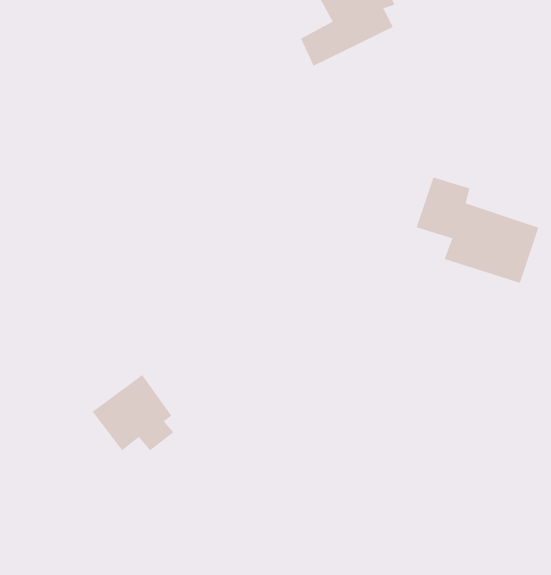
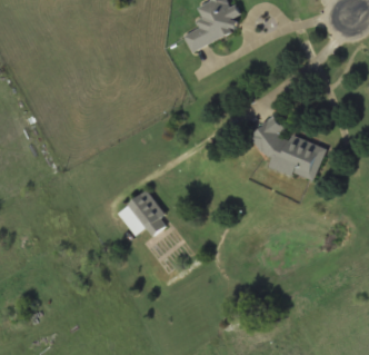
building: [92,374,174,451] -> [117,189,166,235]

